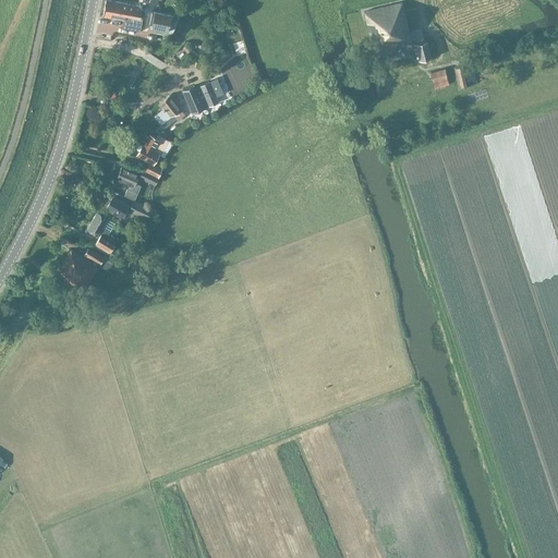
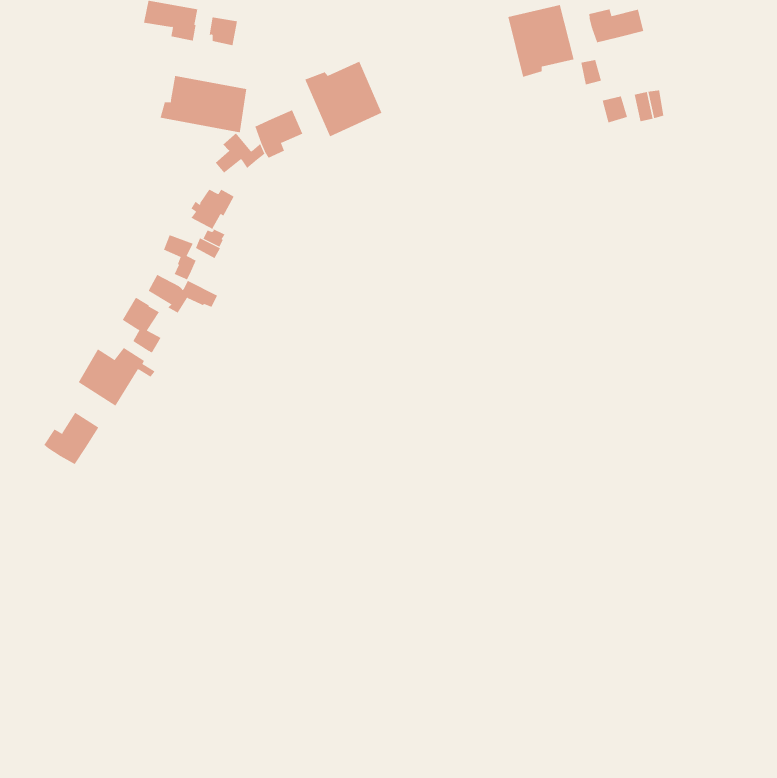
building: none -> [589,8,644,43]
building: none -> [305,61,382,137]
building: none -> [160,75,247,133]
building: none -> [44,412,99,465]

